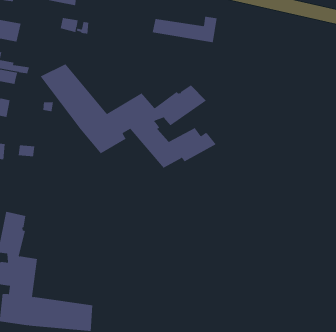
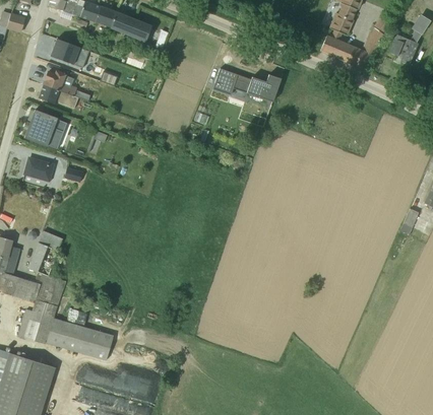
building: [40,63,217,168] -> none

